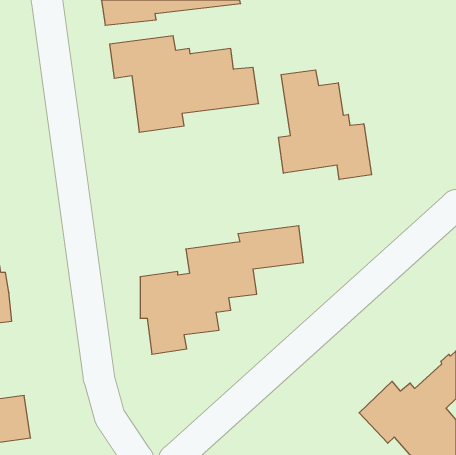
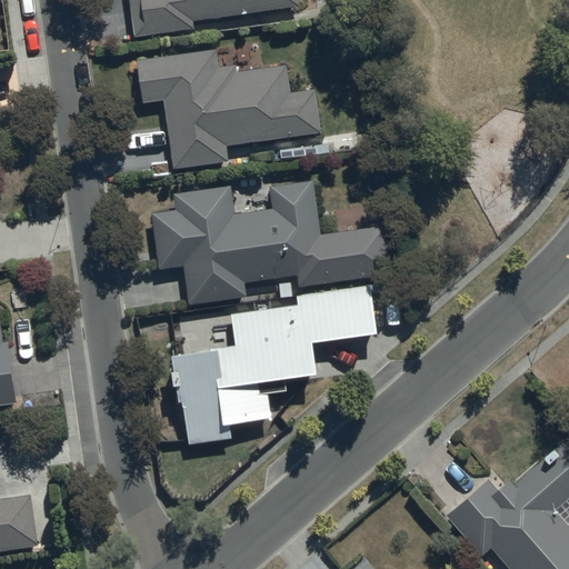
building: [278,70,372,180] -> none
building: none -> [151,181,389,302]

